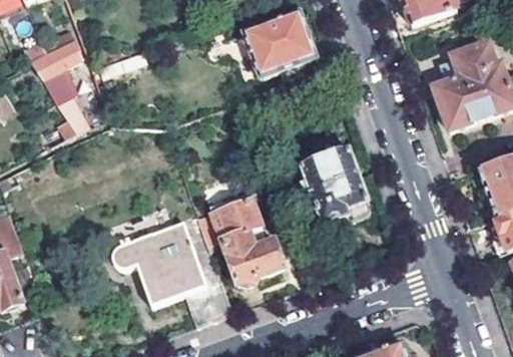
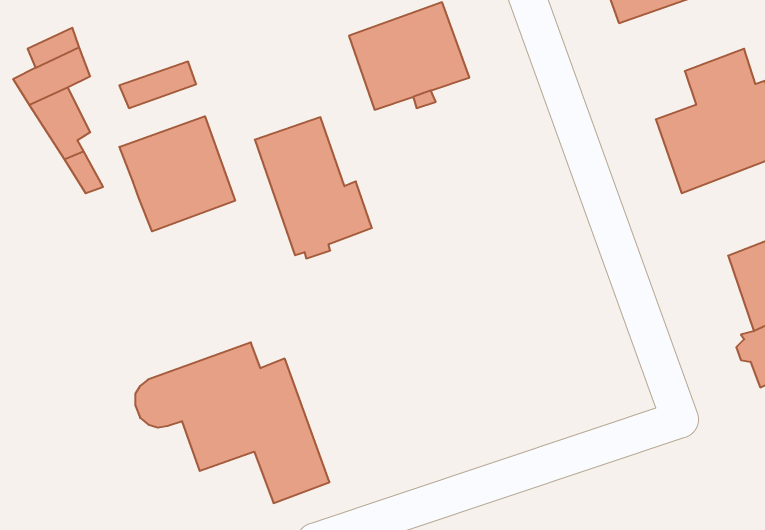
building: none -> [119,116,235,231]
building: [301,145,368,226] -> none
building: [210,195,284,283] -> [255,117,372,258]

